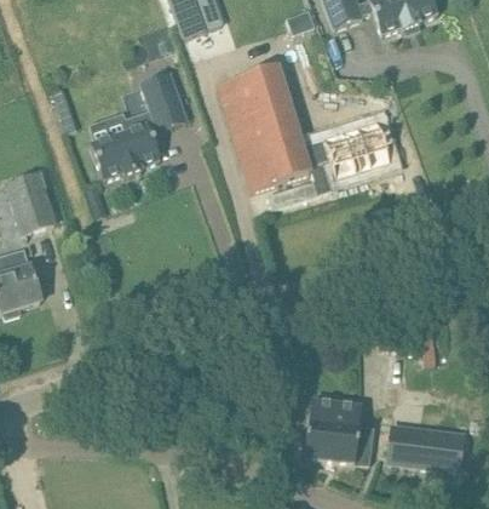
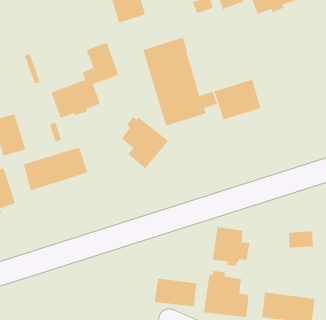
building: none -> [121,116,169,169]
building: none -> [23,147,88,191]
building: none -> [213,227,250,267]
building: none -> [154,278,197,307]

